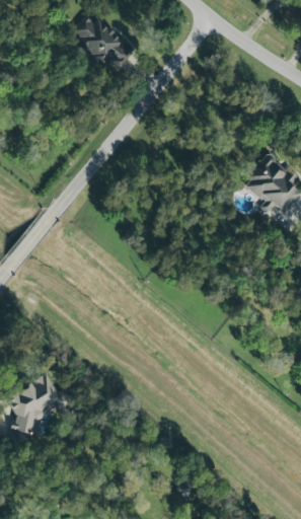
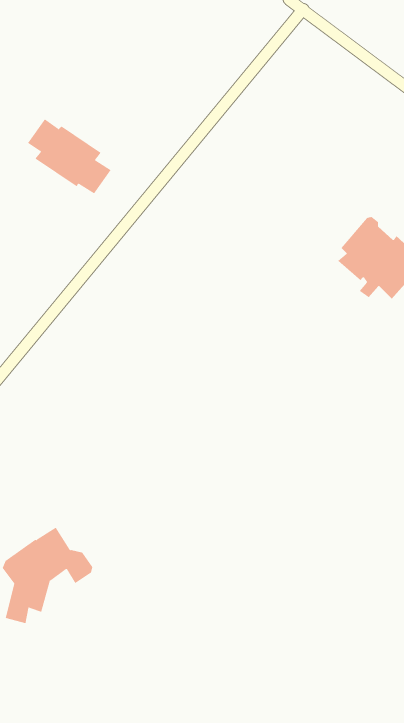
building: [72,16,132,70] -> [27,119,112,194]

